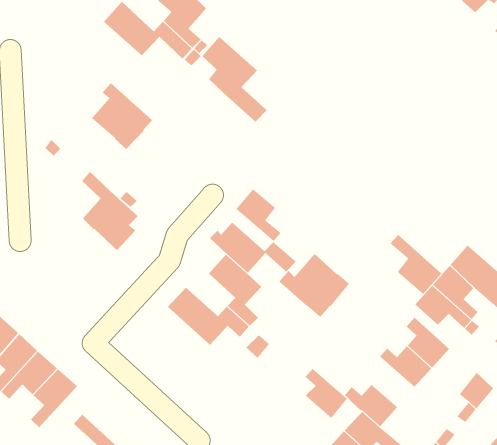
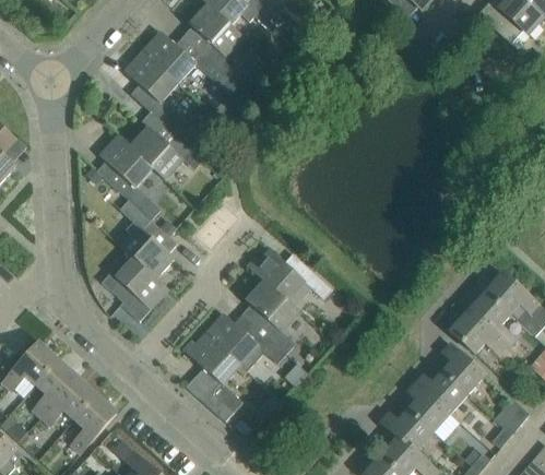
building: [201,36,268,122] -> [125,51,190,136]
building: none -> [97,134,159,218]
building: [235,188,282,242] -> none
building: none -> [102,257,169,321]
building: [389,234,442,295] -> none
building: [279,253,350,318] -> none
building: none -> [183,333,248,421]
building: [305,368,348,419] -> [407,382,450,432]

